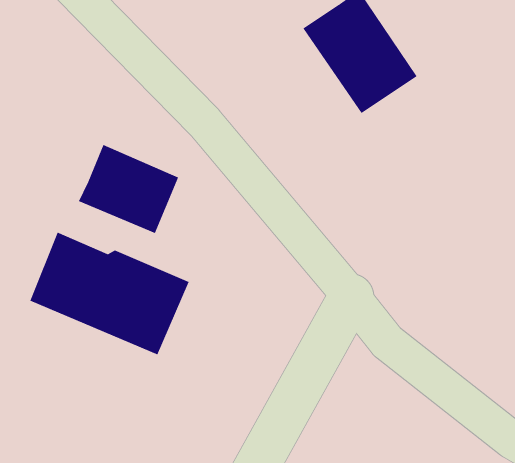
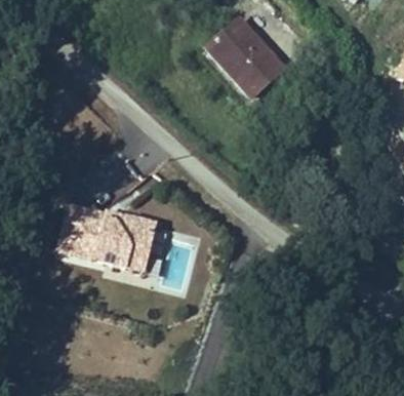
building: [78,144,179,234] -> none

